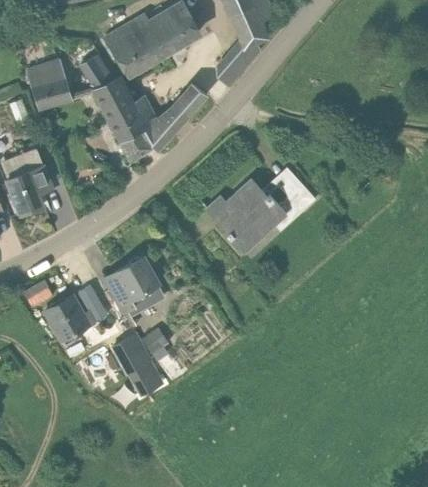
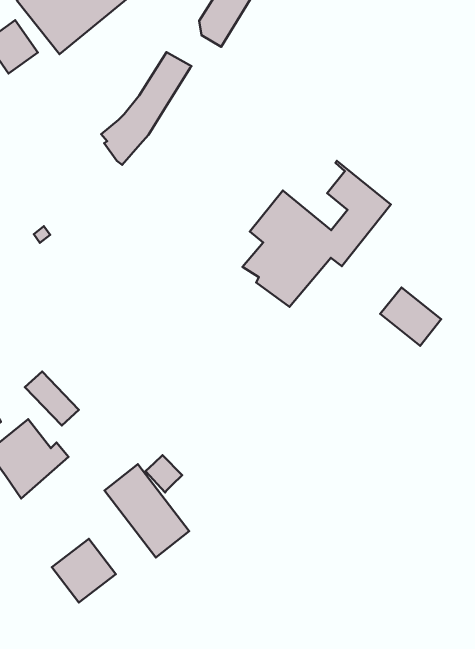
building: [92,77,156,159] -> none
building: none -> [380,287,441,346]
building: [107,256,158,314] -> none
building: none -> [52,539,116,603]

